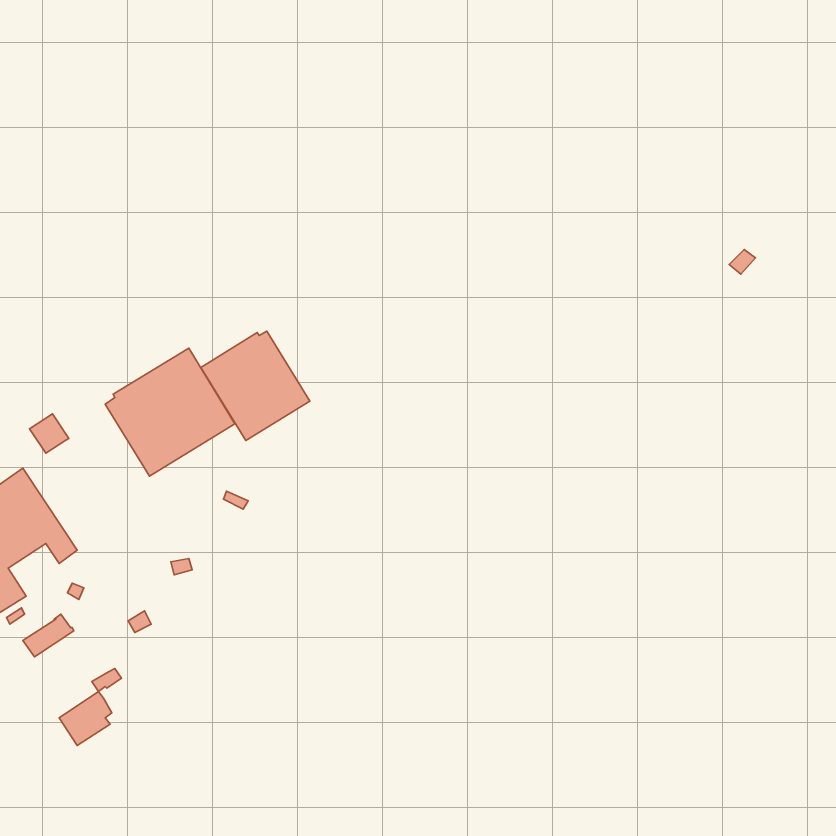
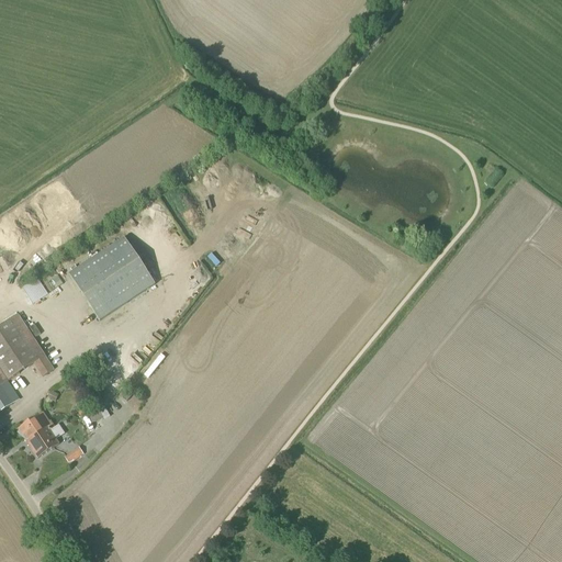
building: [201,331,310,441] -> none
building: [59,691,112,746] -> [23,422,58,458]

